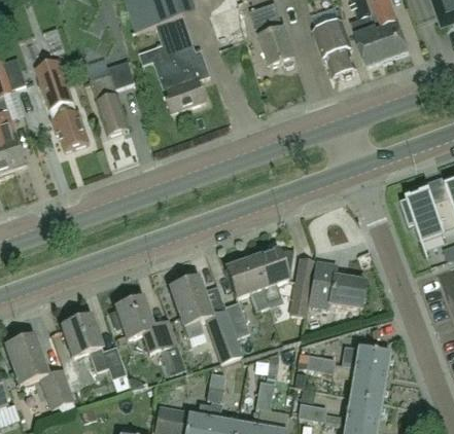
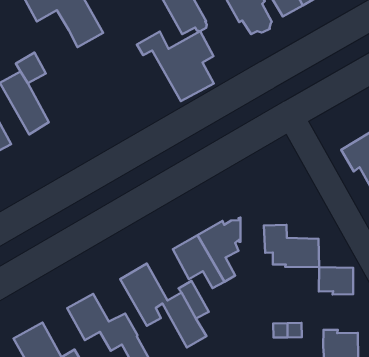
building: [140,43,210,112] -> [137,31,214,101]
building: [288,279,310,315] -> none
building: [354,345,390,375] -> [319,267,353,294]

